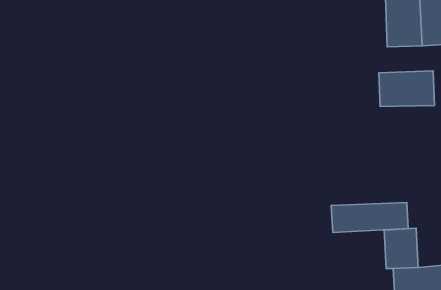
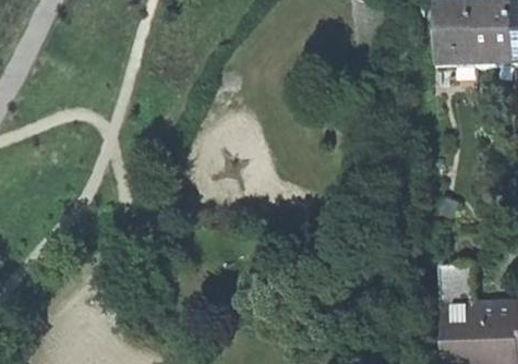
building: [379,71,435,106] -> none
building: [331,203,408,232] -> none

